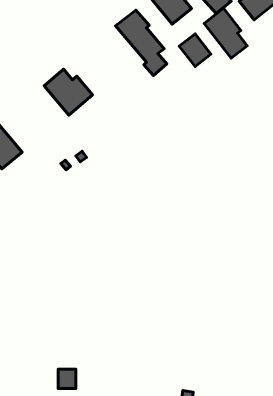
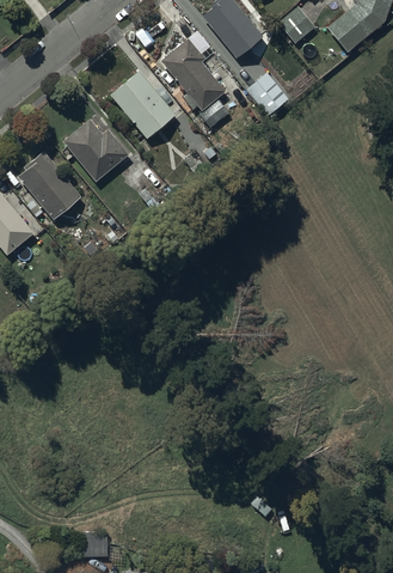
building: [204,8,247,58] -> none
building: none -> [110,69,177,139]
building: none -> [18,150,81,219]

